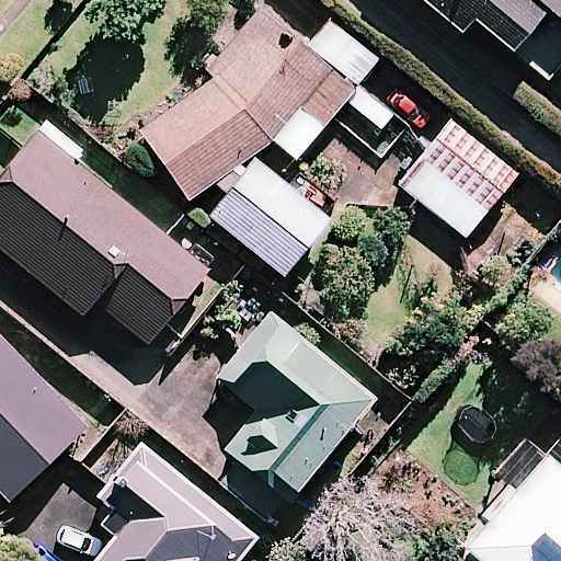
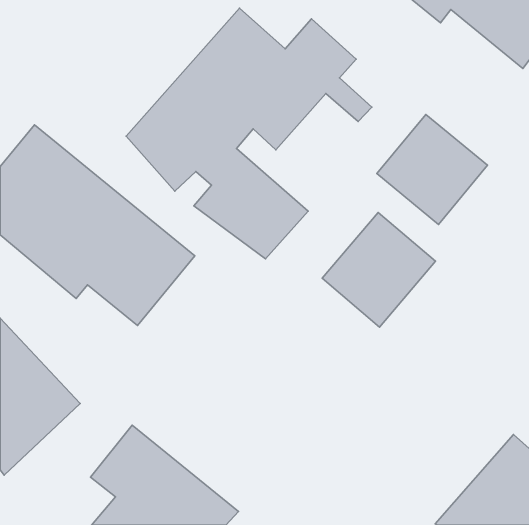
building: none -> [322,212,435,327]
building: [220,318,370,503] -> none

